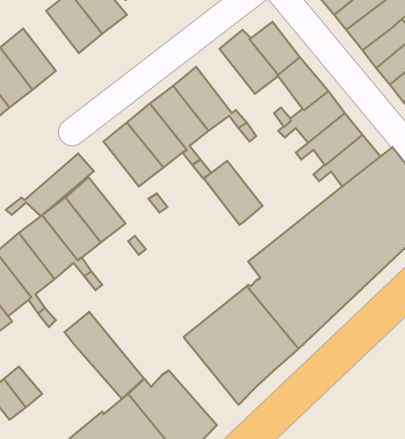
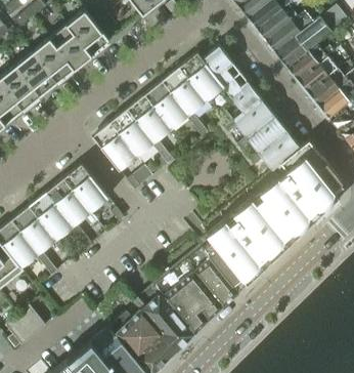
building: none -> [33,38,75,83]
building: [6,154,94,216] -> none
building: [204,161,263,225] -> [163,67,207,115]
building: [65,312,144,399] -> [135,284,194,349]

